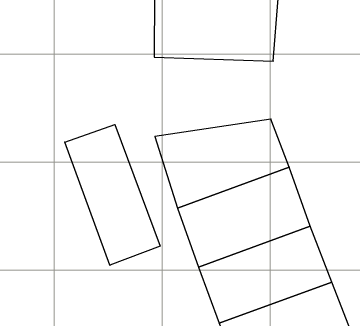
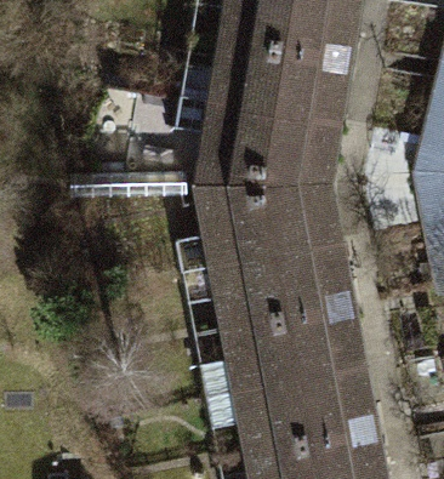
building: none -> [195,126,331,210]
building: [65,125,160,265] -> none

